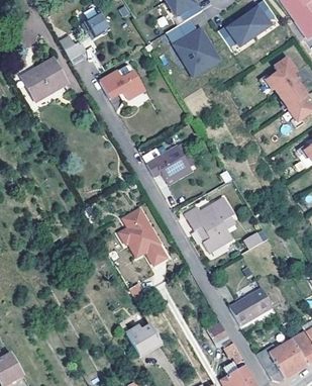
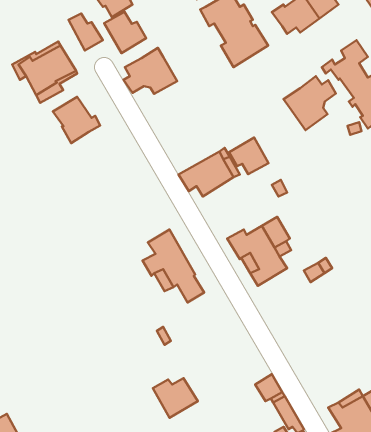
building: none -> [104,12,146,53]
building: none -> [284,76,336,130]
building: none -> [53,97,100,143]
building: none -> [229,137,269,174]
building: [229,286,272,324] -> none

